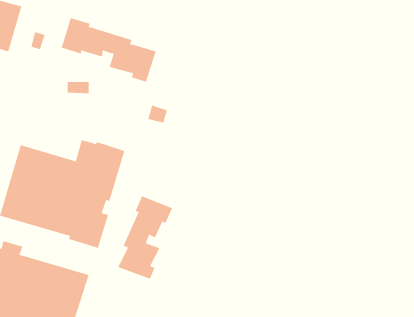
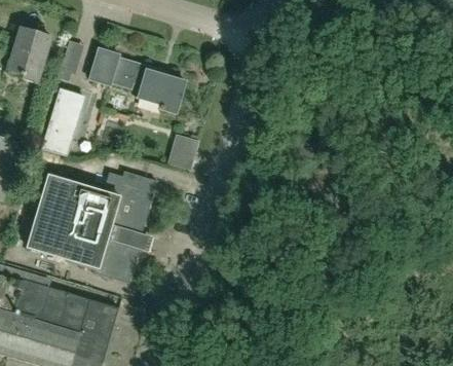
building: none -> [43,88,85,156]
building: [118,195,173,280] -> none

